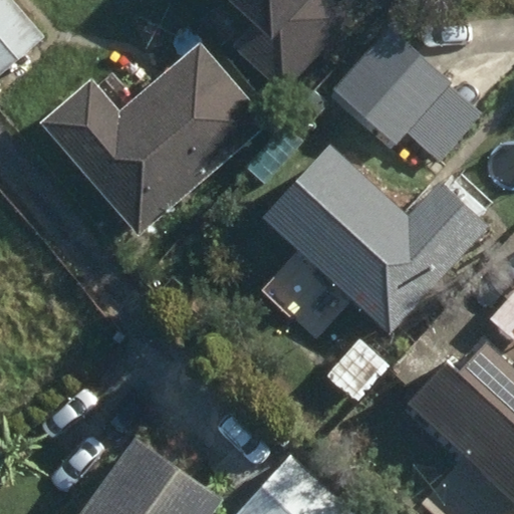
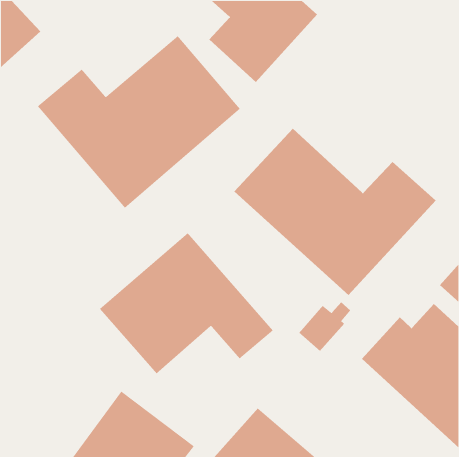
building: [334,30,451,147] -> none
building: none -> [99,232,274,375]

